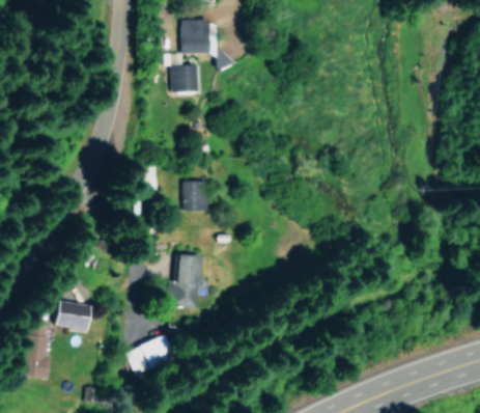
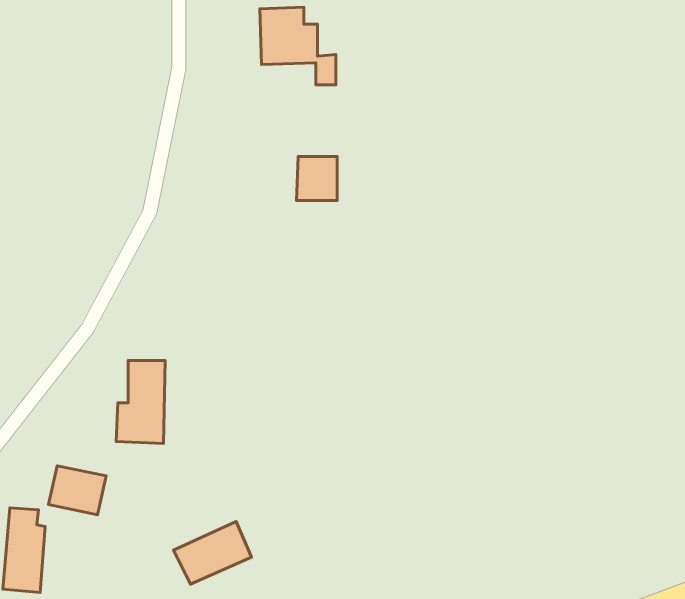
building: [171,65,196,92] -> [297,156,337,200]
building: [183,181,206,211] -> none
building: [169,255,199,306] -> [116,360,165,443]

